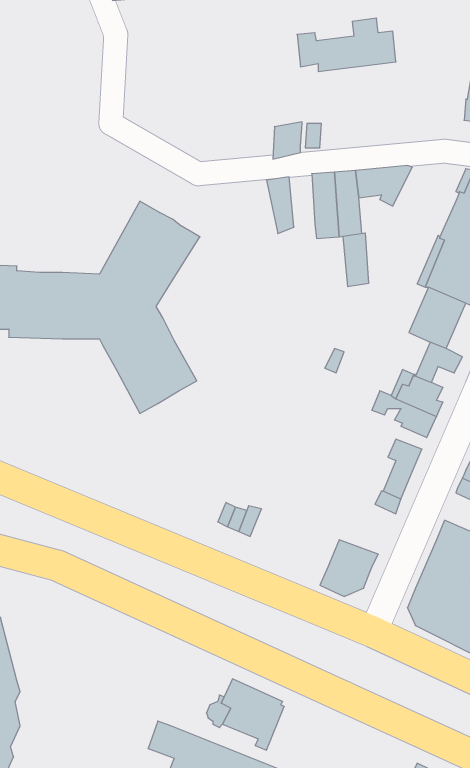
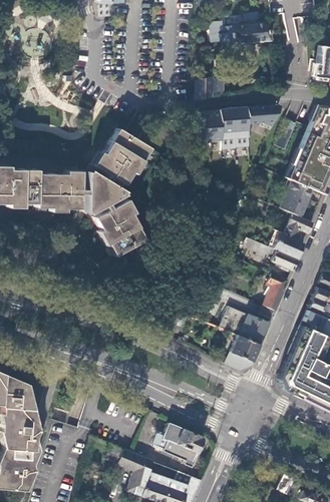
building: [343,233,369,287] -> [207,110,223,143]
building: none -> [221,308,268,346]

